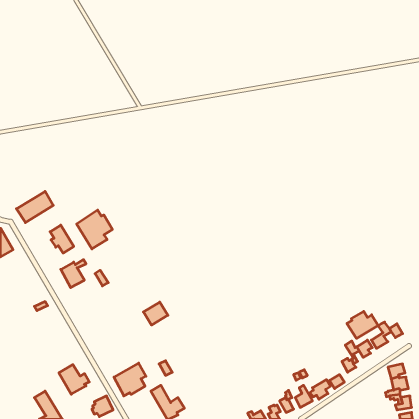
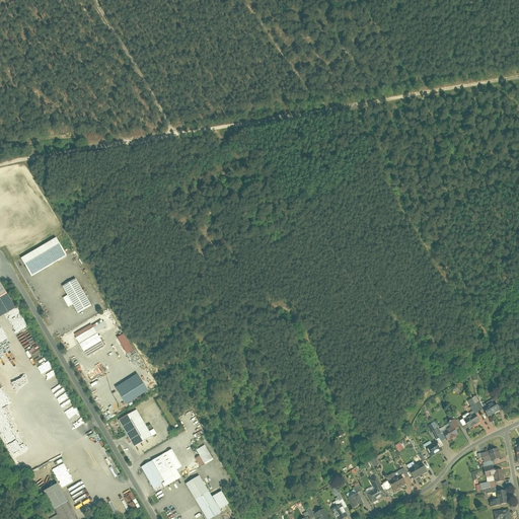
building: [77,210,112,249] -> none
building: [143,302,168,325] -> [117,374,147,402]
building: [347,311,378,338] -> none
building: [59,365,89,394] -> [119,411,156,447]

